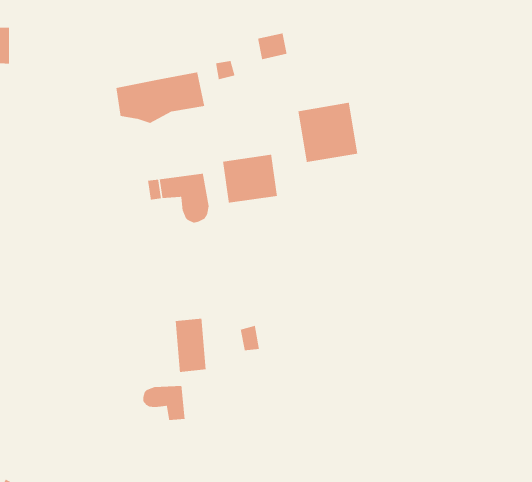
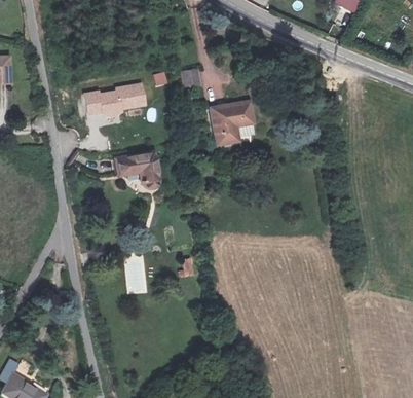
building: [222,154,278,204] -> none
building: [142,385,186,421] -> none

